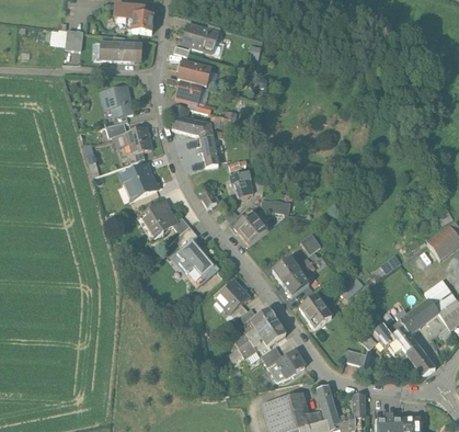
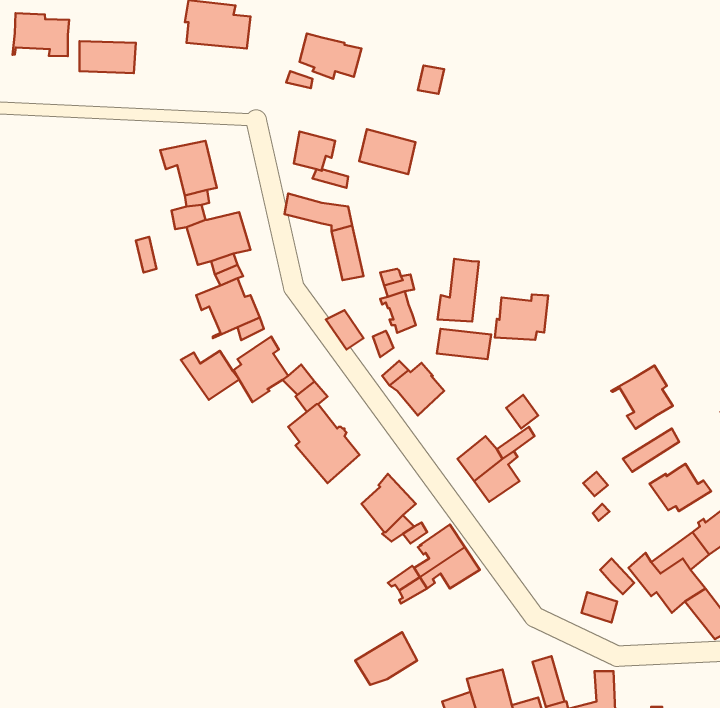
building: none -> [13,13,69,56]
building: [101,41,135,59] -> none
building: [177,59,210,86] -> [359,129,416,174]
building: none -> [437,259,479,321]
building: none -> [495,295,548,340]
building: none -> [181,351,239,400]
building: none -> [611,366,673,429]
building: none -> [650,464,711,511]
building: [300,295,332,328] -> none
building: [268,349,305,379] -> [355,632,417,685]

